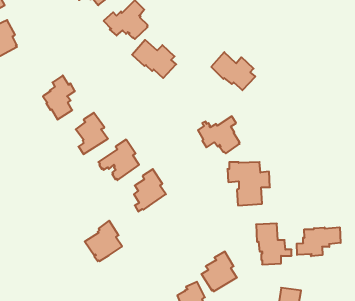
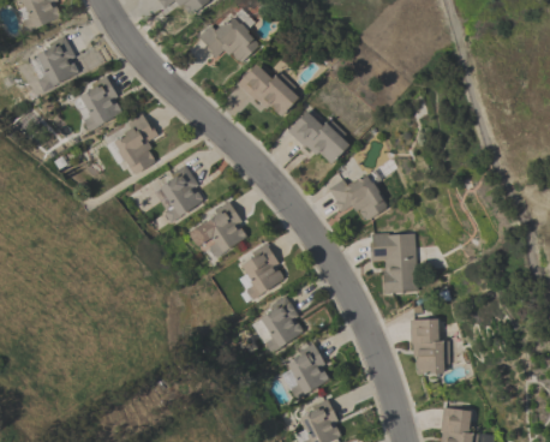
building: none -> [79,76,122,131]
building: [211,52,255,90] -> [288,110,349,163]
building: [85,221,122,261] -> [252,295,304,352]
building: [297,227,341,256] -> none
building: [201,252,237,291] -> [281,344,330,399]

